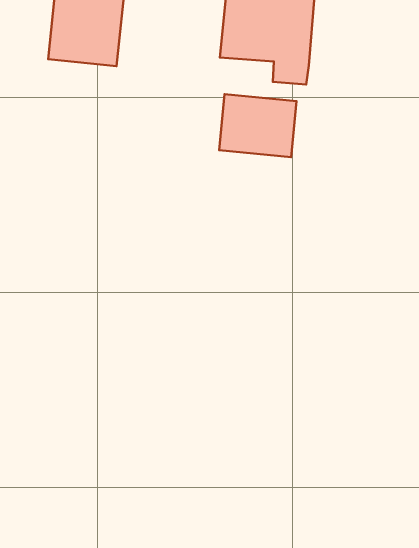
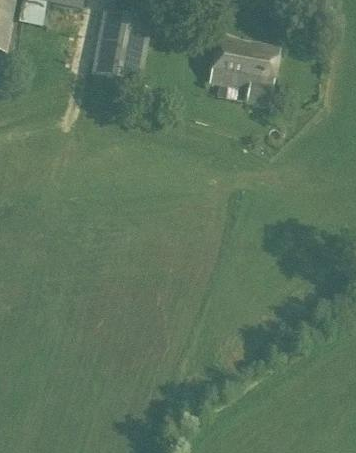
building: [219,94,296,157] -> none

